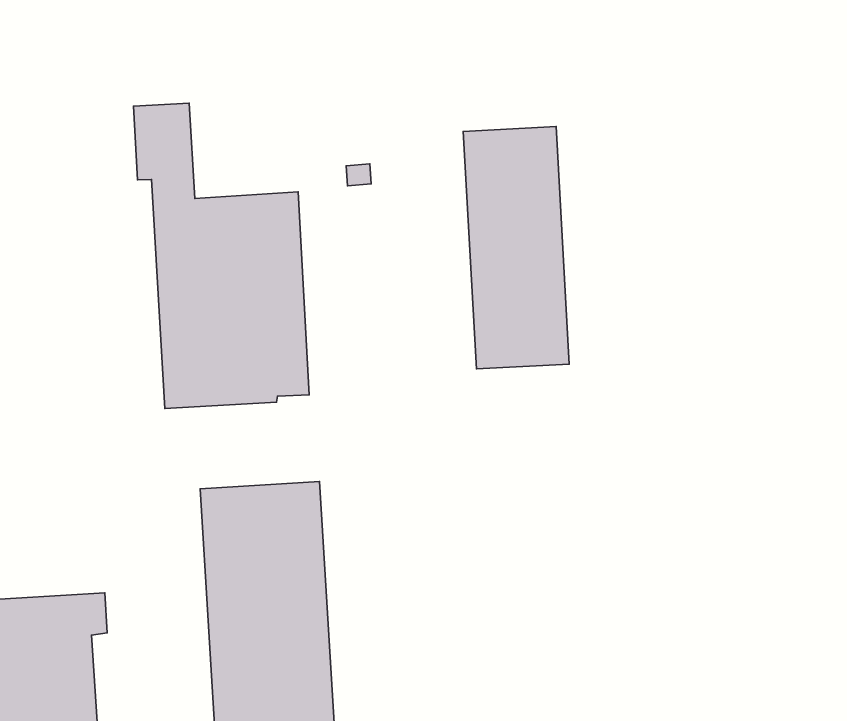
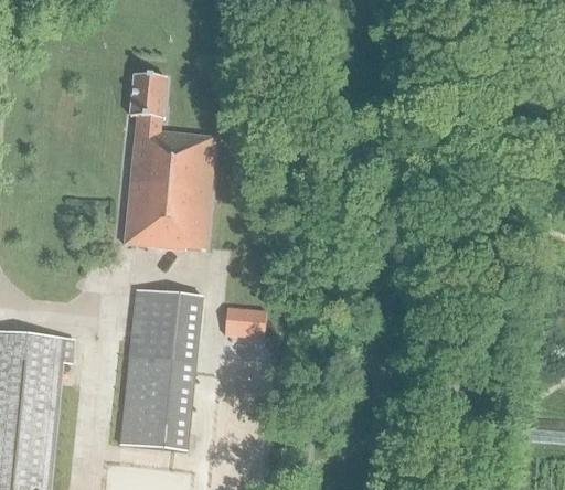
building: [463,127,569,369] -> none
building: none -> [224,307,265,335]

